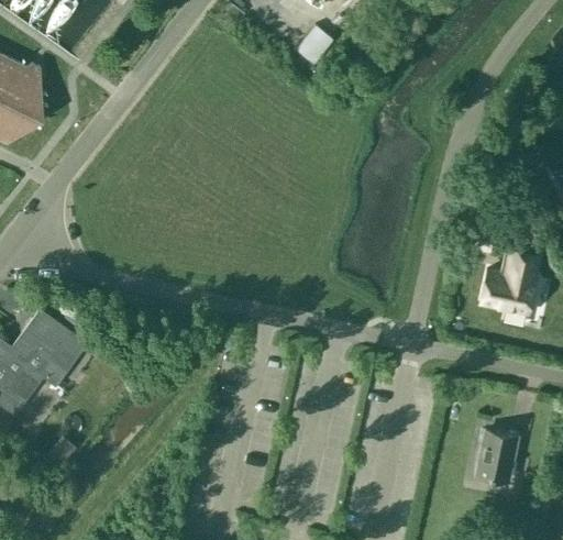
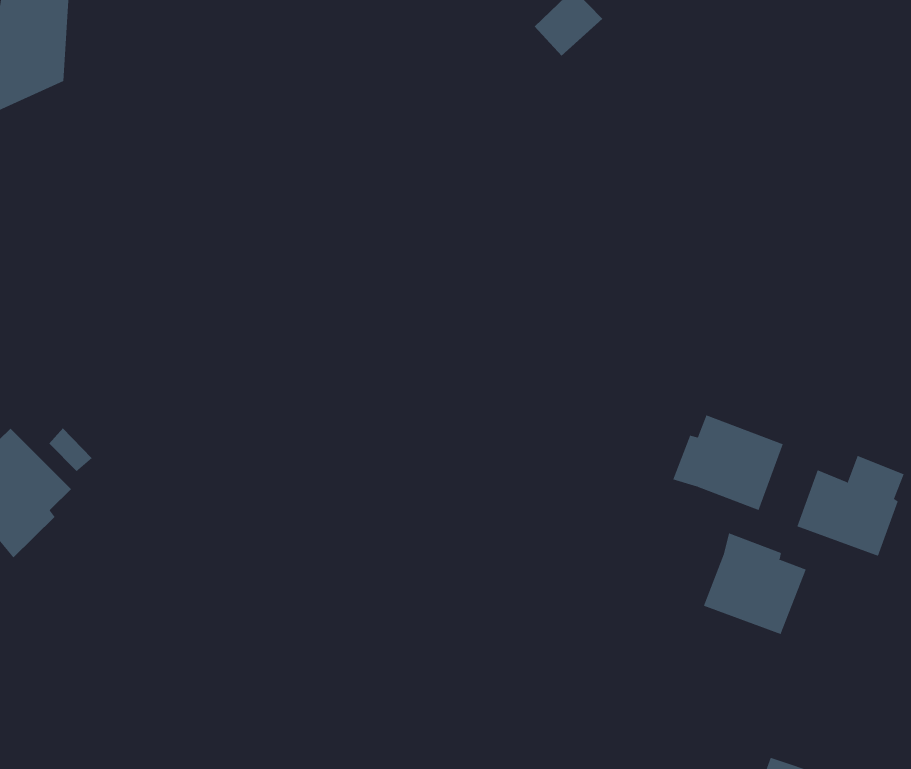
building: none -> [672,414,783,511]
building: none -> [703,533,806,635]

